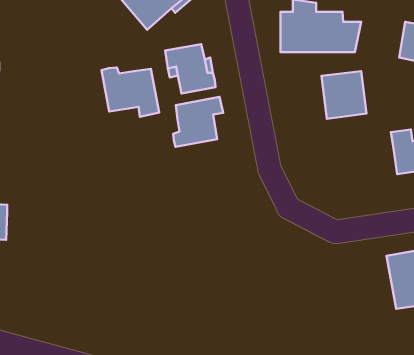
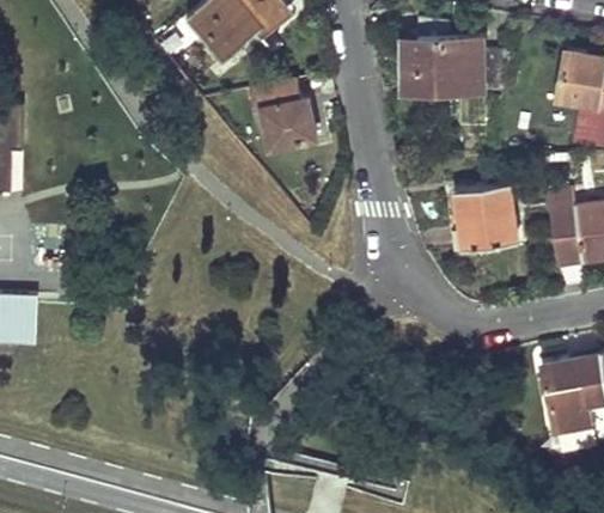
building: [101,67,159,117] -> none
building: [322,71,366,119] -> [456,188,515,251]
building: [173,97,223,147] -> none

